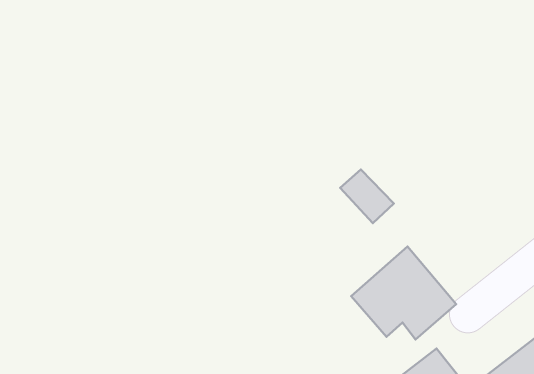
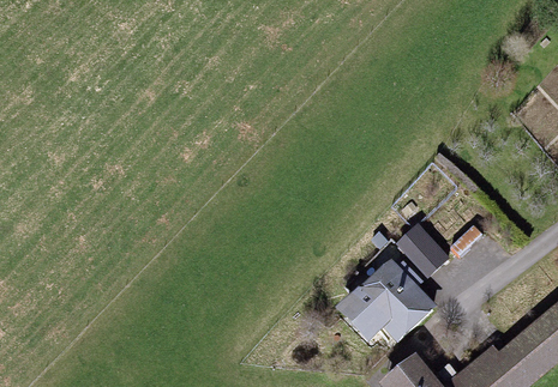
building: [340,169,394,223] -> [398,224,448,273]

